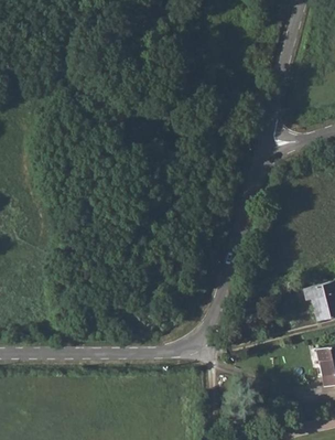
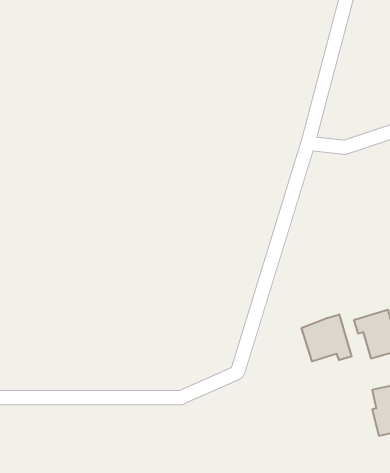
building: none -> [302,314,351,361]

